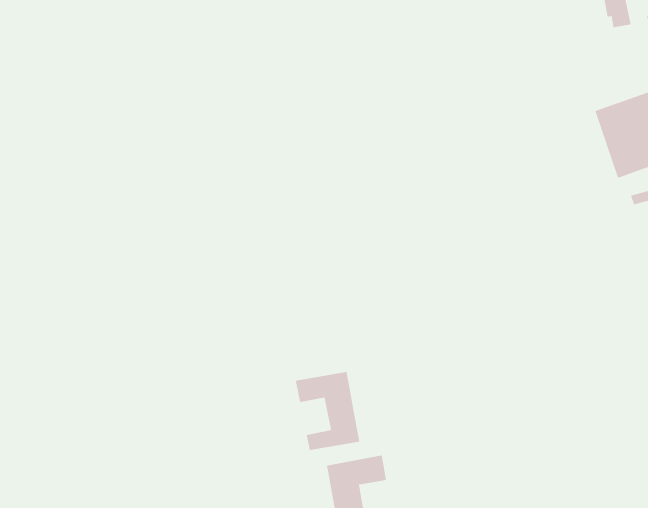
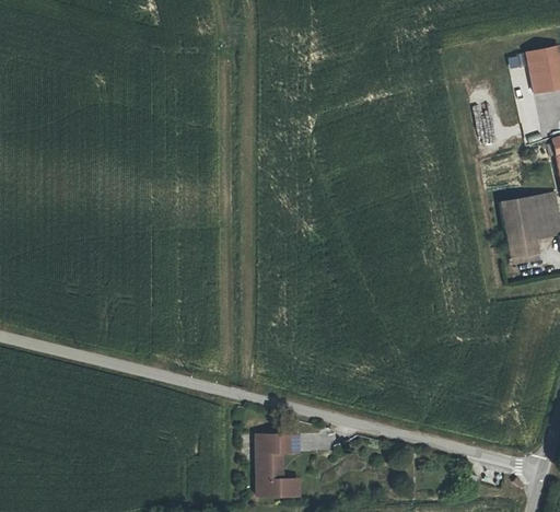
building: [295,371,360,451] -> none

